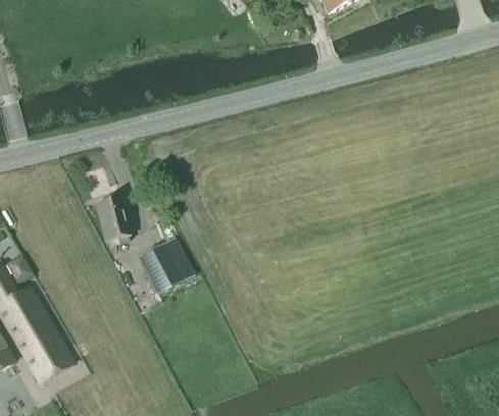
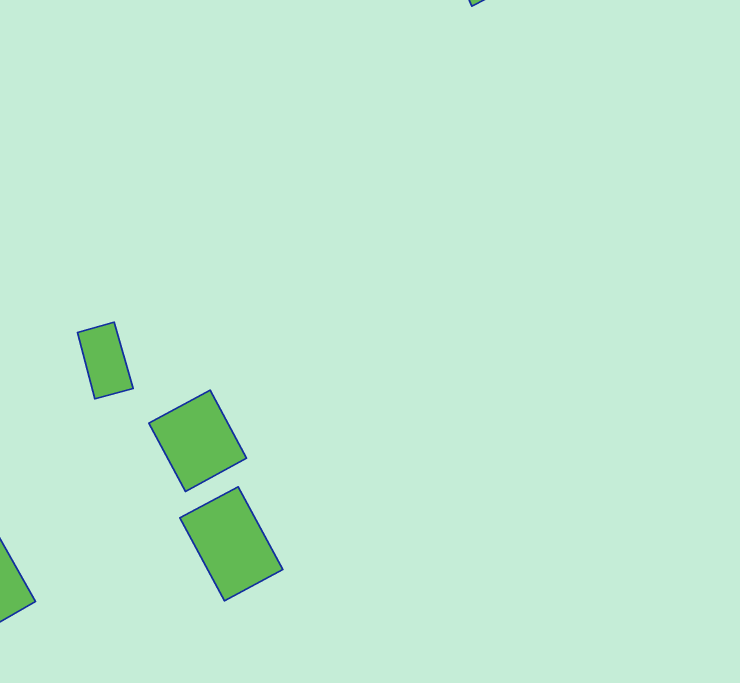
building: none -> [180,487,283,601]

